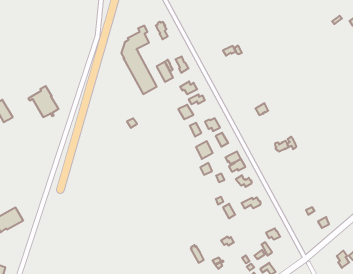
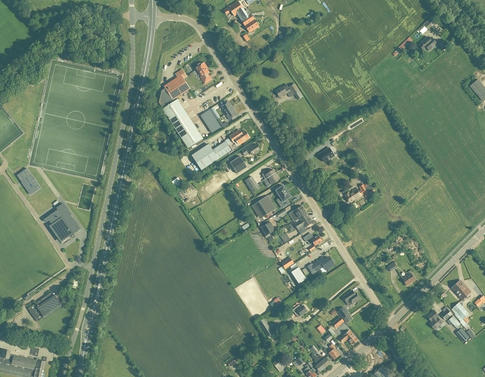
building: [28,86,59,117] -> [43,203,79,239]
building: none -> [191,141,230,169]

